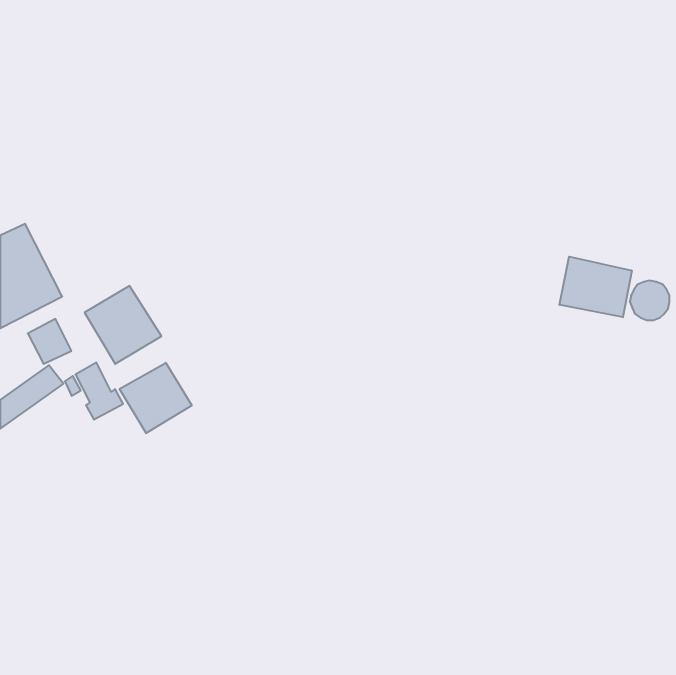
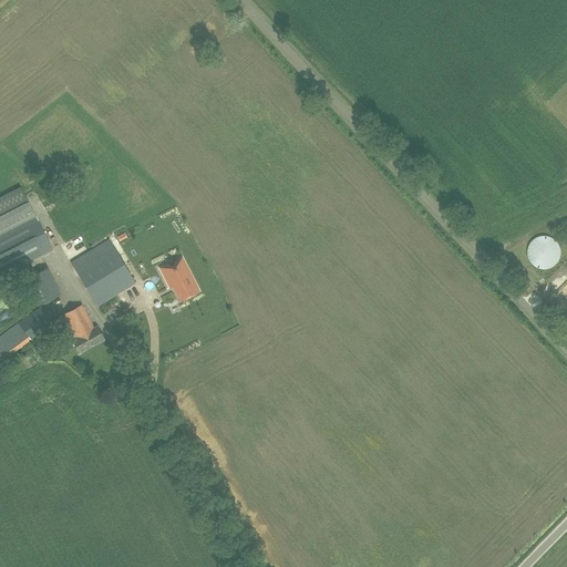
building: [559,257,632,317] -> none
building: none -> [161,259,197,298]
building: [120,363,192,433] -> none

